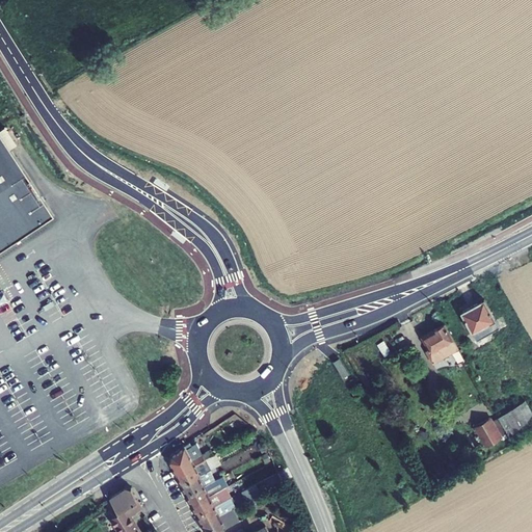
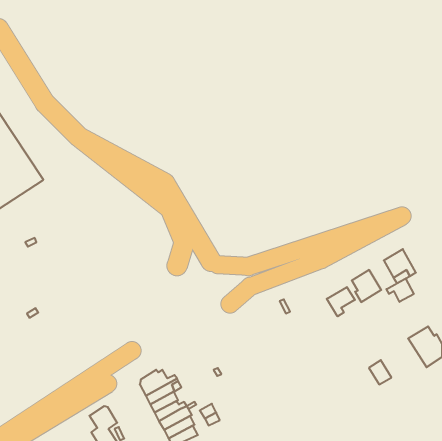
building: none -> [386,278,414,302]
building: none -> [327,287,355,316]
building: [472,420,499,449] -> [369,360,391,384]

